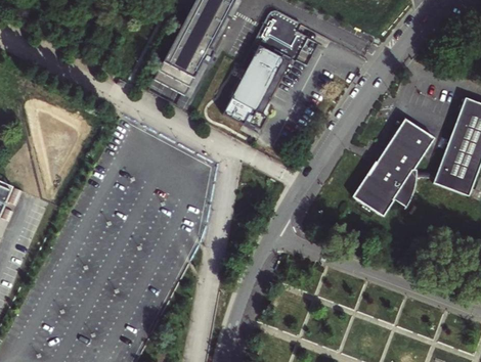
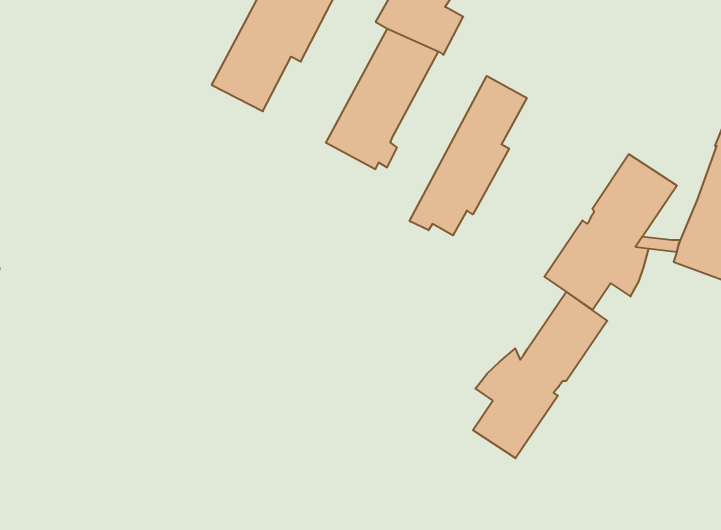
building: none -> [409,76,527,235]
building: none -> [473,292,607,458]

